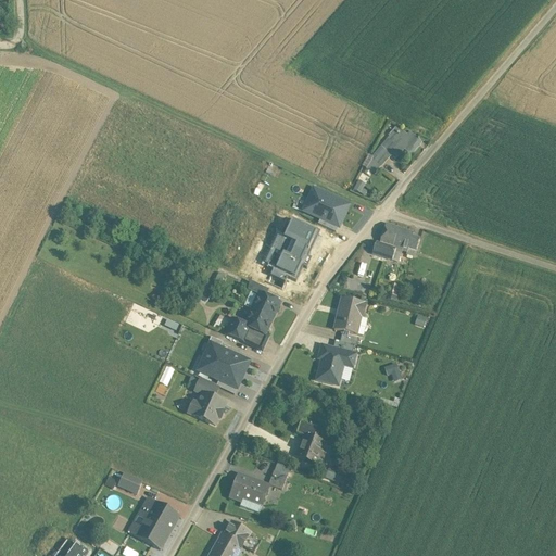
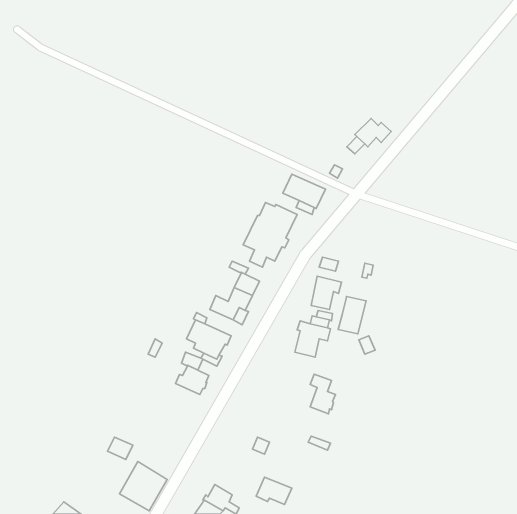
building: [372,223,418,258] -> none
building: none -> [338,296,366,334]
building: [295,420,323,463] -> [310,374,336,414]
building: [232,472,270,502] -> [256,477,292,504]

